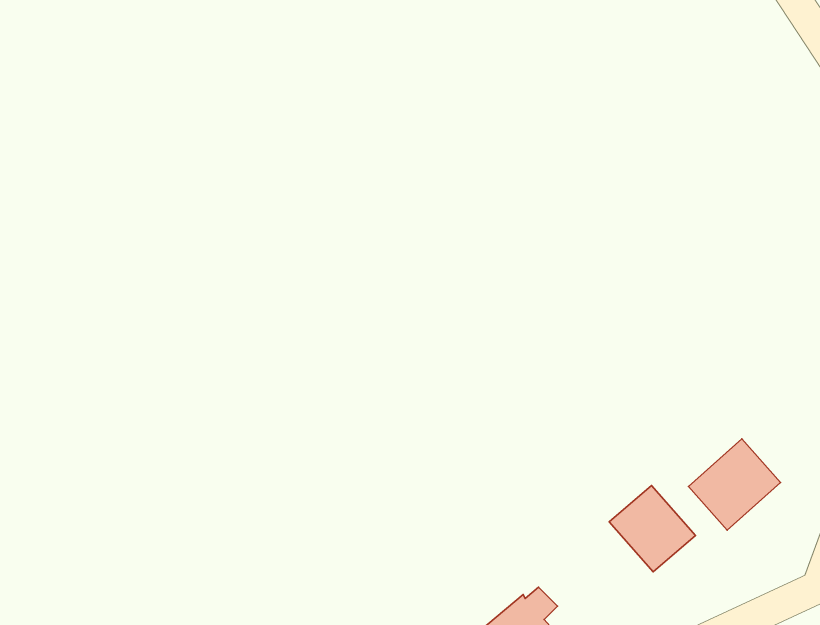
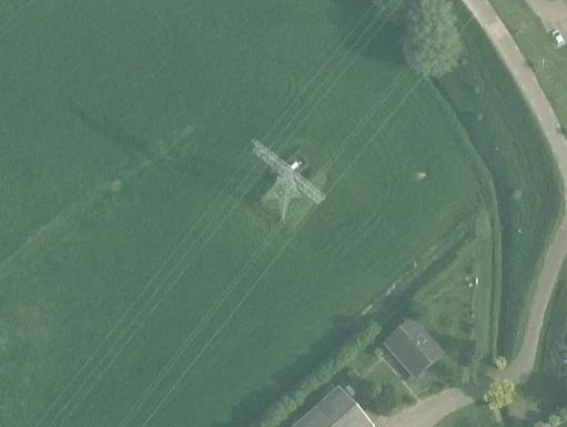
building: [689,439,780,530] -> none

